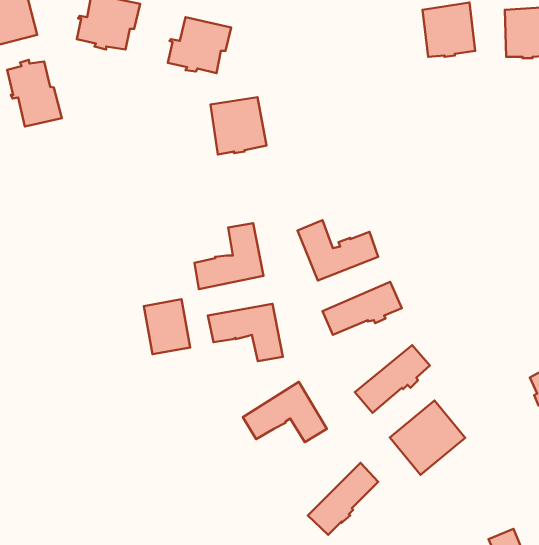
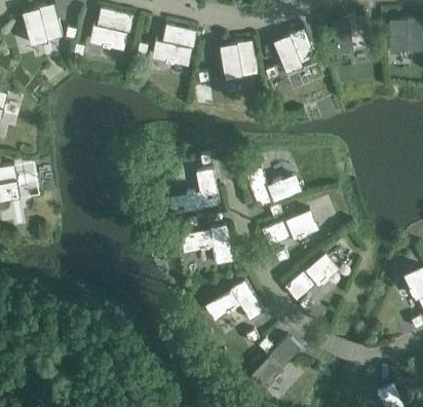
building: none -> [273,28,317,73]
building: [7,60,62,126] -> none
building: [211,97,266,154] -> [220,40,259,80]
building: [144,299,190,354] -> none
building: [390,401,465,475] -> none

